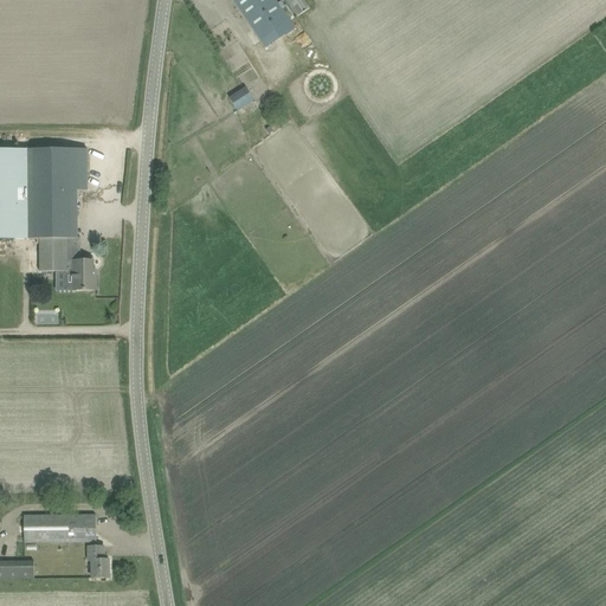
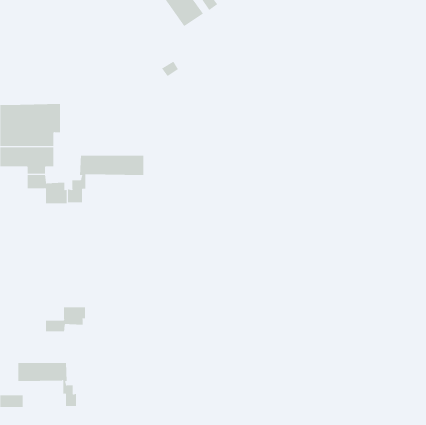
building: none -> [68,155,144,203]
building: none -> [46,306,86,332]

